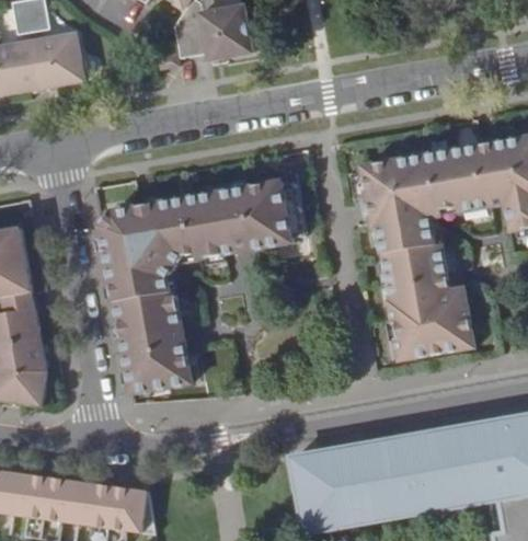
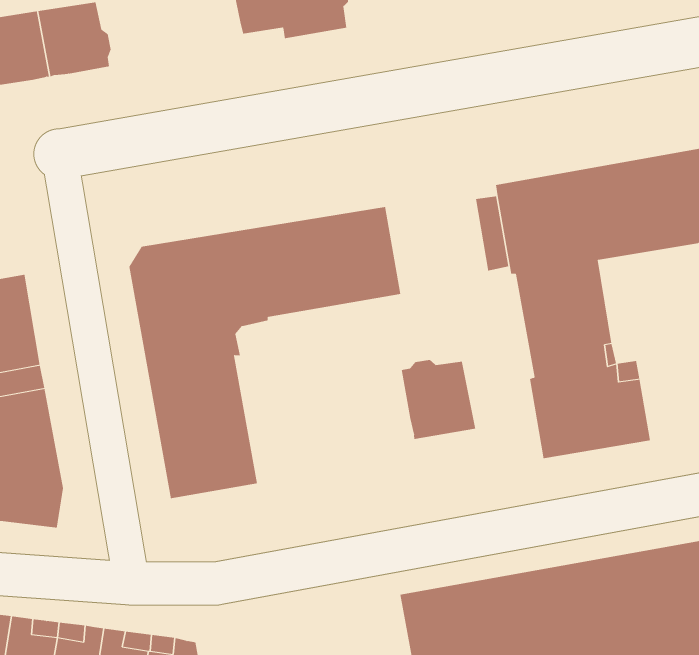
building: none -> [401,359,476,440]

